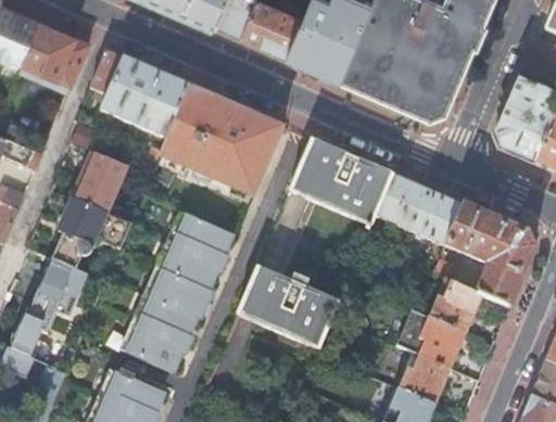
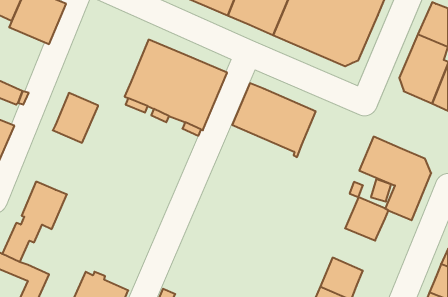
building: [90,50,189,138] -> none
building: [376,174,464,245] -> none
building: [52,196,131,269] -> none
building: [124,213,232,371] -> none
building: [239,267,339,348] -> none
building: [403,311,466,368] -> none

